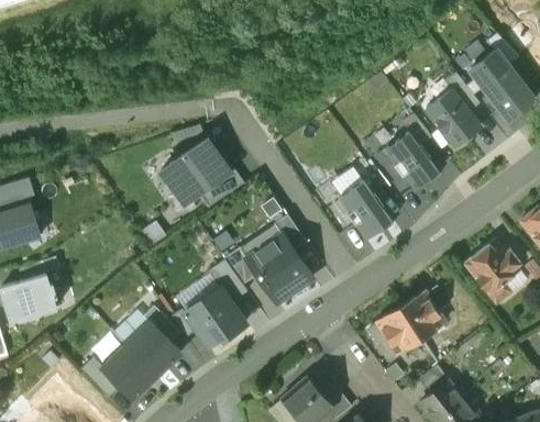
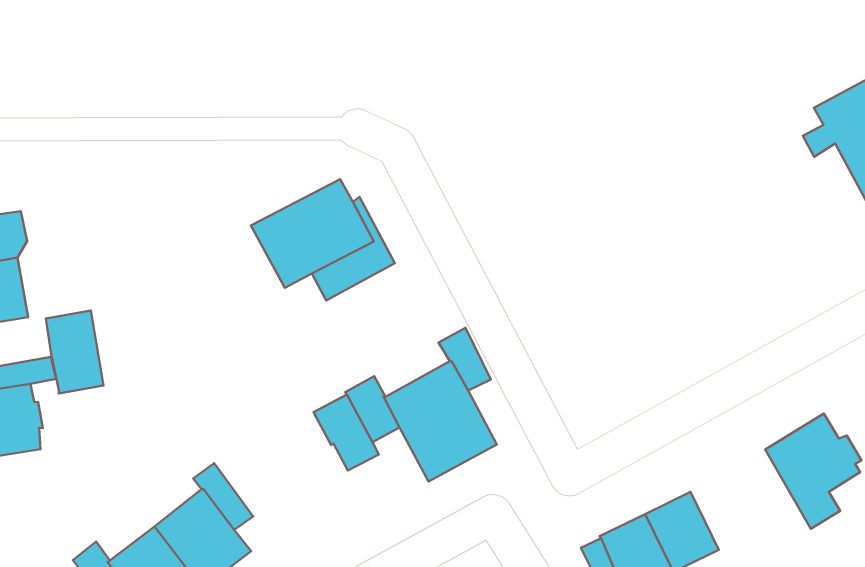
building: [426,87,480,145] -> none
building: [385,131,440,188] -> none
building: [338,179,393,237] -> none
building: none -> [46,311,104,393]
building: [184,287,244,345] -> none

